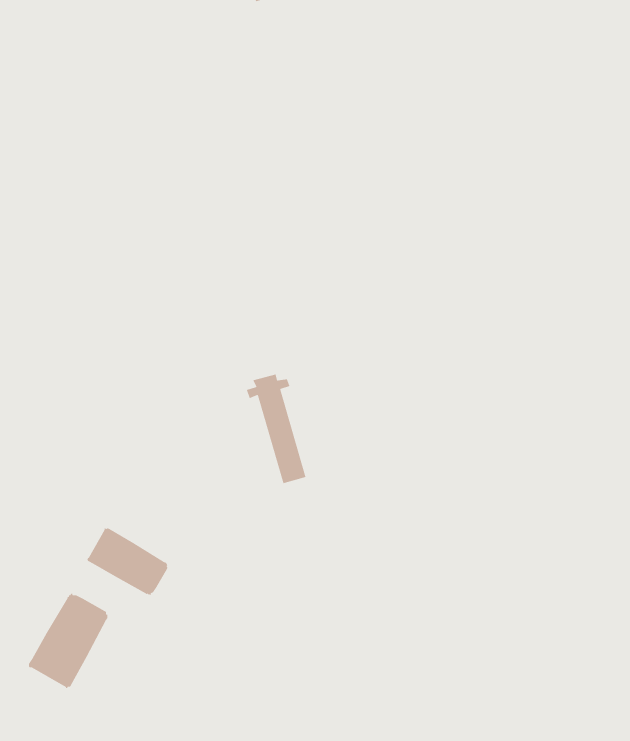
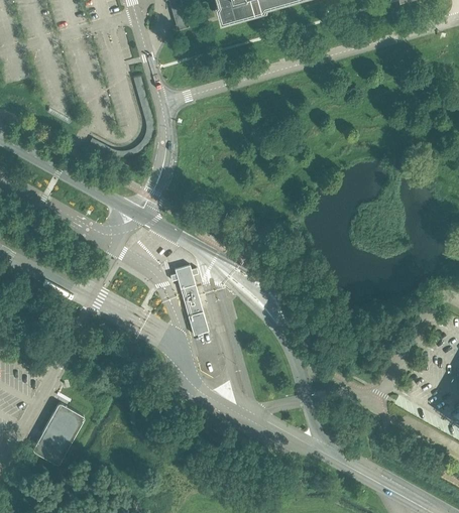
building: [87,527,169,596] -> none

